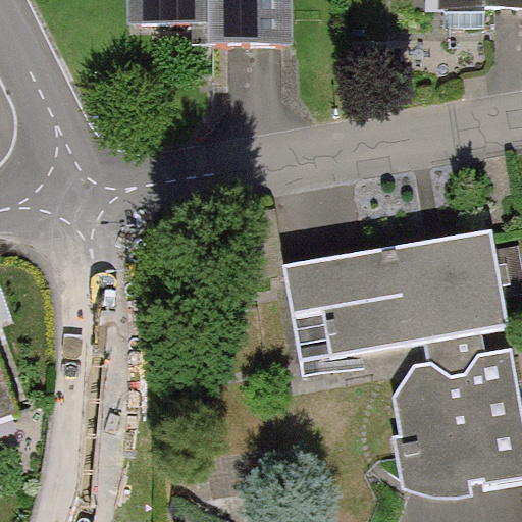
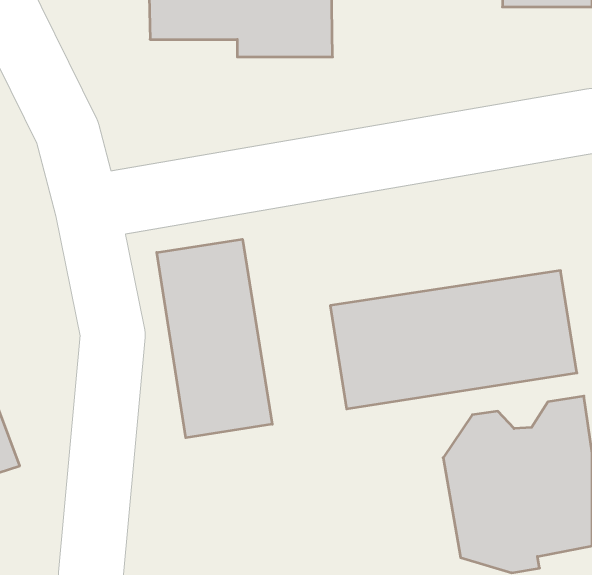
building: none -> [157,239,272,438]

